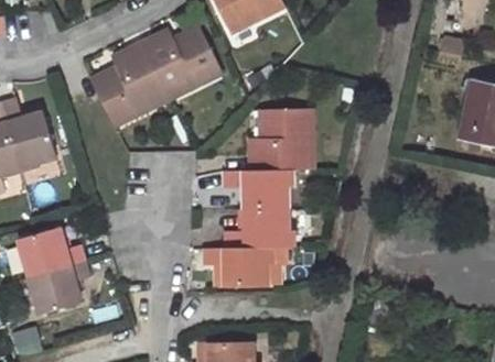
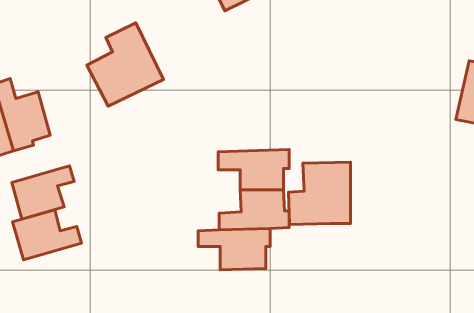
building: [141,29,222,99] -> none
building: [251,108,313,169] -> [288,162,351,224]
building: [30,261,92,314] -> [12,166,74,219]

